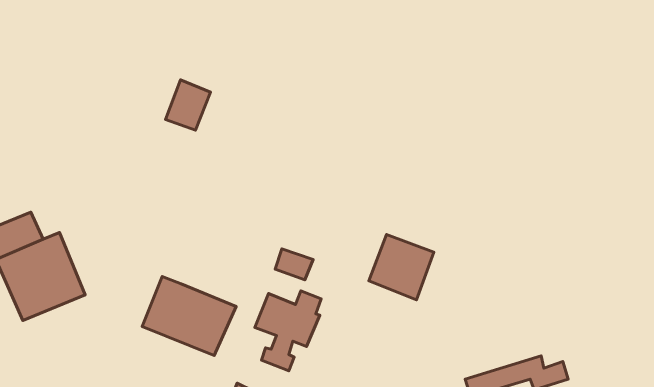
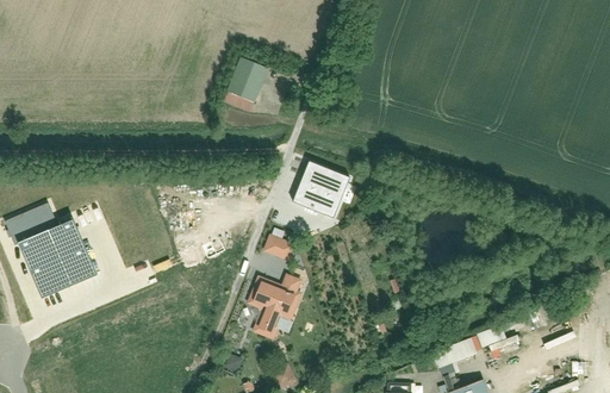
building: [166,80,210,130] -> [228,56,267,100]
building: [369,235,434,300] -> [293,161,350,218]
building: [142,276,236,355] -> none

